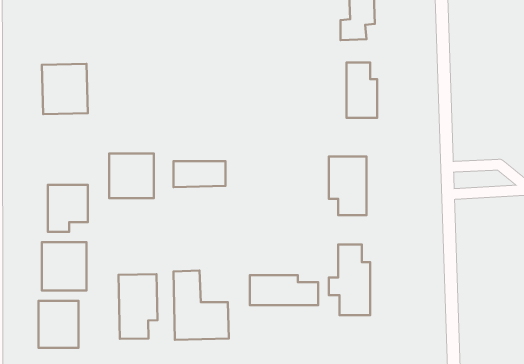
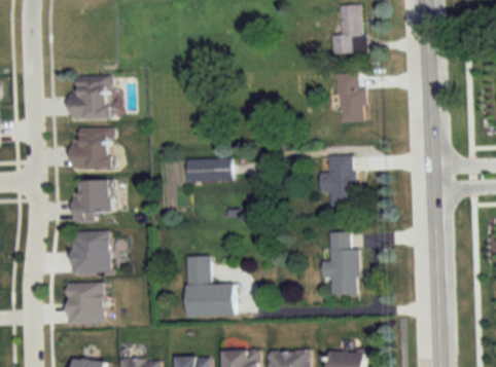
building: [109,154,154,198] -> [71,130,110,169]
building: [119,274,158,339] -> none
building: [250,275,318,305] -> none

